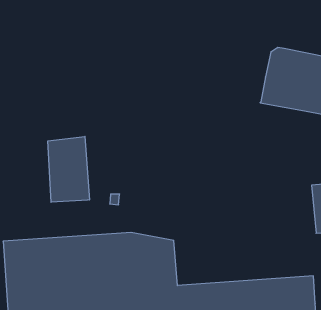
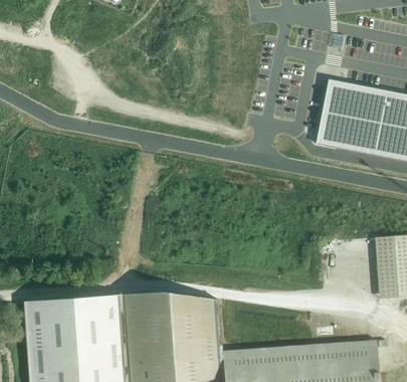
building: [48,136,89,202] -> none

